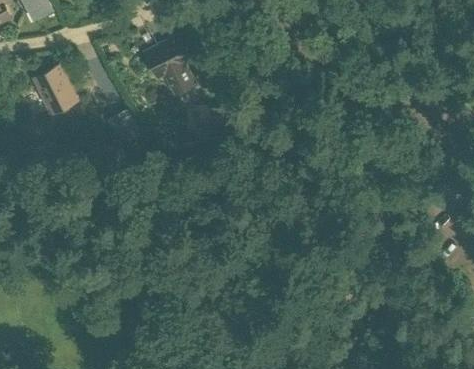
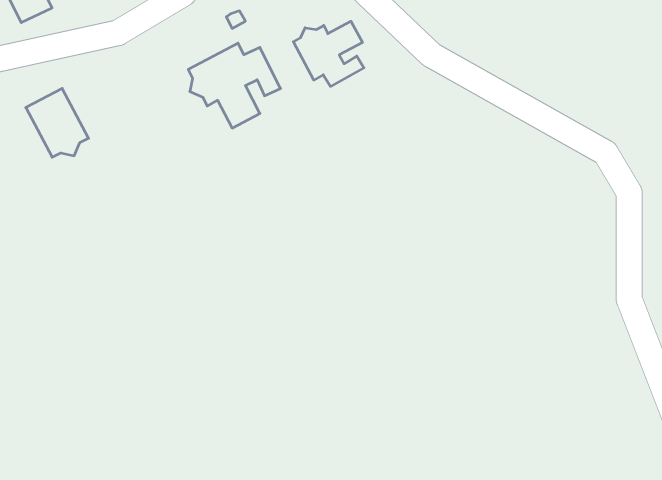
building: none -> [293,21,364,86]

